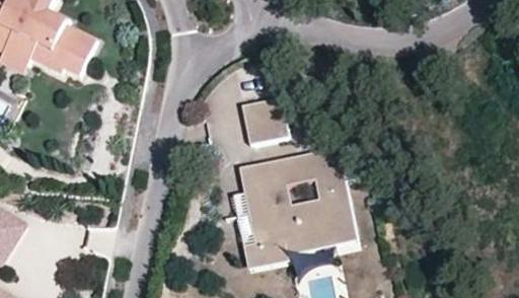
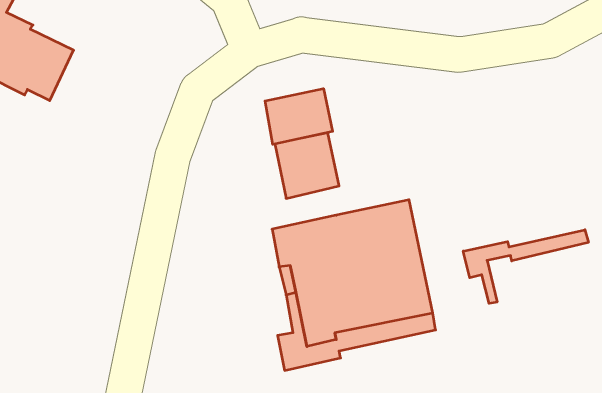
building: none -> [265,89,333,144]
building: none -> [463,230,588,303]

